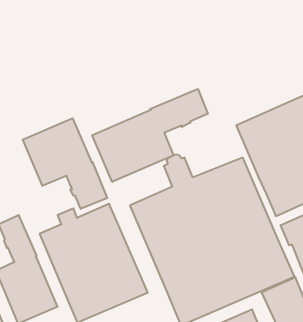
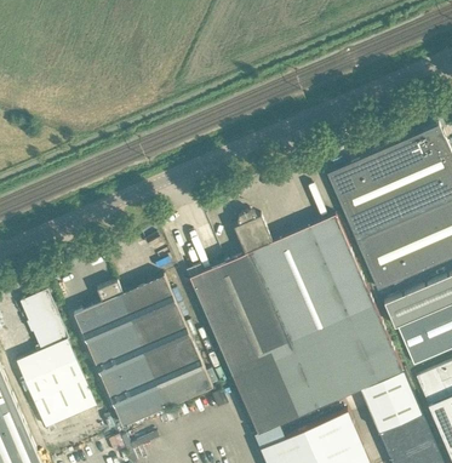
building: [92,89,208,182] -> none
building: [23,118,107,209] -> none

